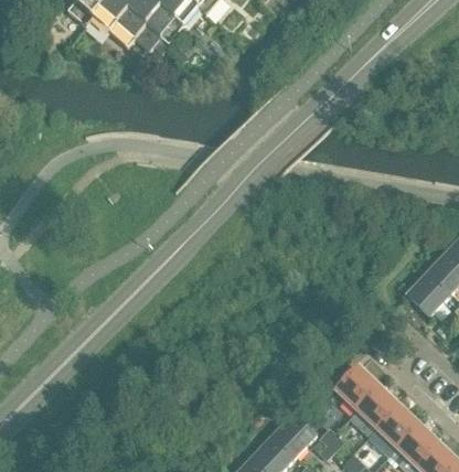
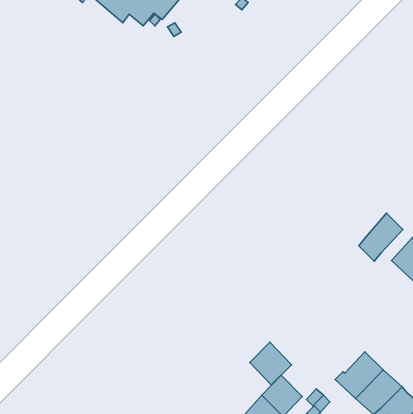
building: none -> [359,213,403,261]
building: [338,365,381,408] -> none
building: none -> [250,342,291,385]

